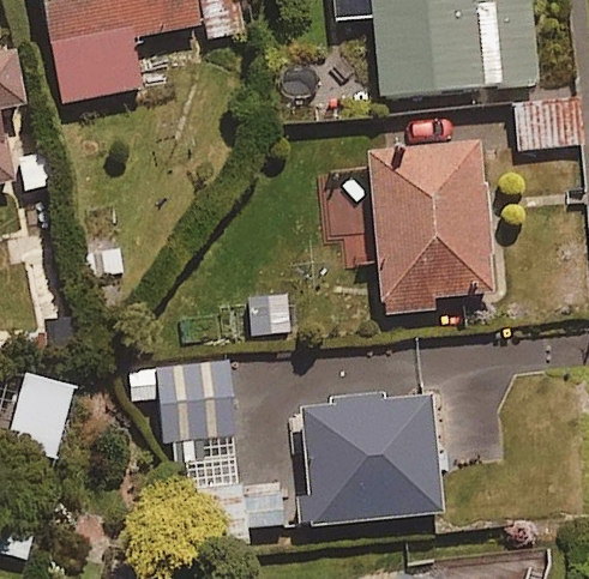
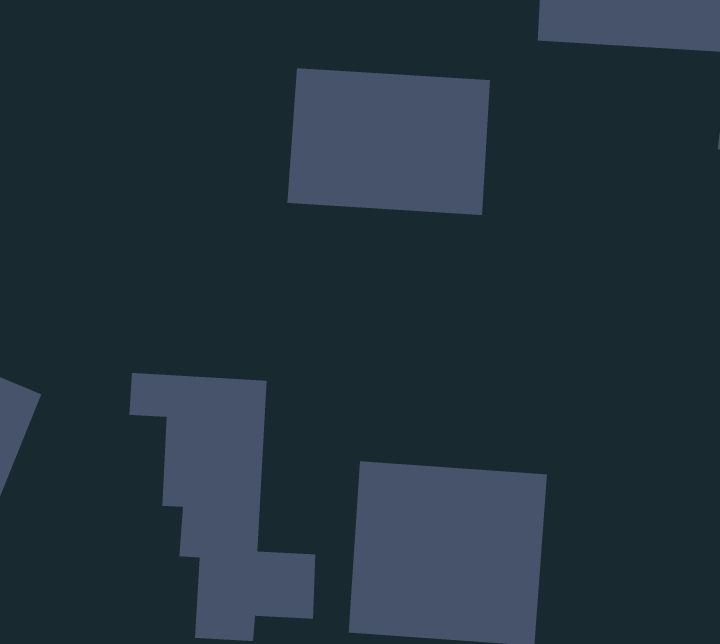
building: none -> [287,67,490,216]
building: [371,144,493,310] -> none

